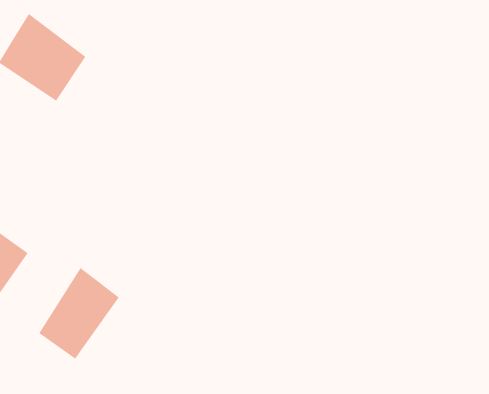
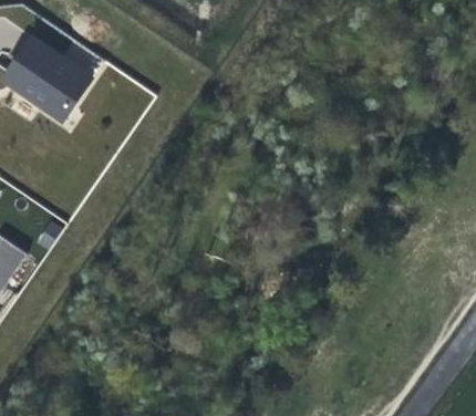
building: [38,267,120,360] -> none

